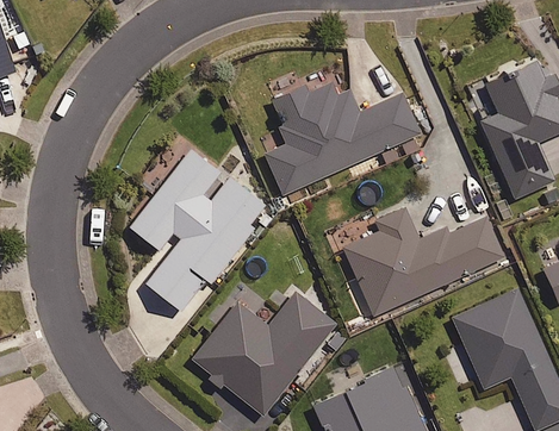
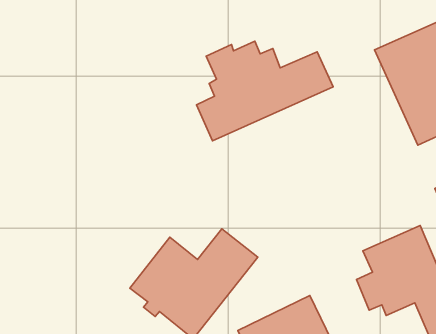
building: [129,150,267,312] -> none
building: [342,207,507,316] -> none

